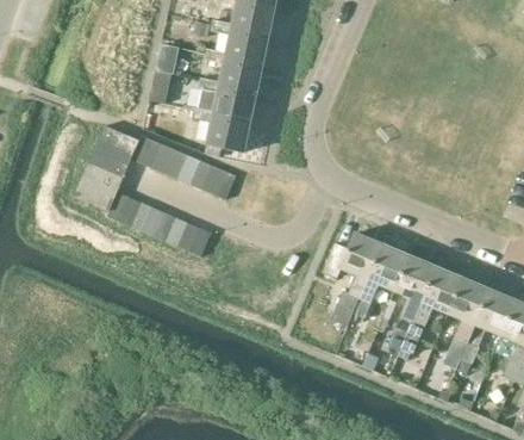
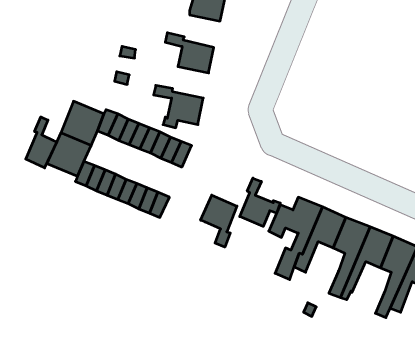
building: [213,18,269,63] -> none
building: [200,76,256,120] -> none
building: none -> [26,117,57,168]
building: none -> [240,178,280,226]
building: none -> [201,195,237,247]

